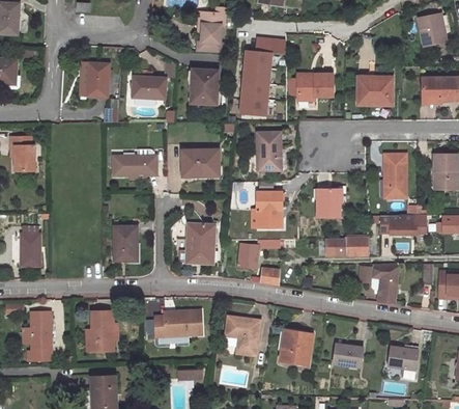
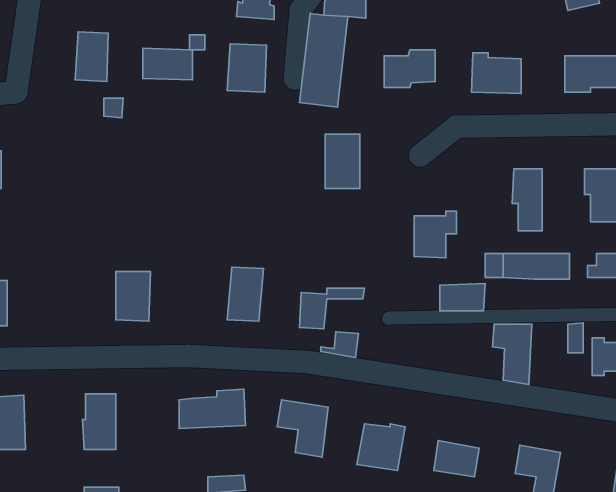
building: [182,149,219,175] -> none
building: [113,151,156,176] -> none
building: [255,191,280,226] -> none

